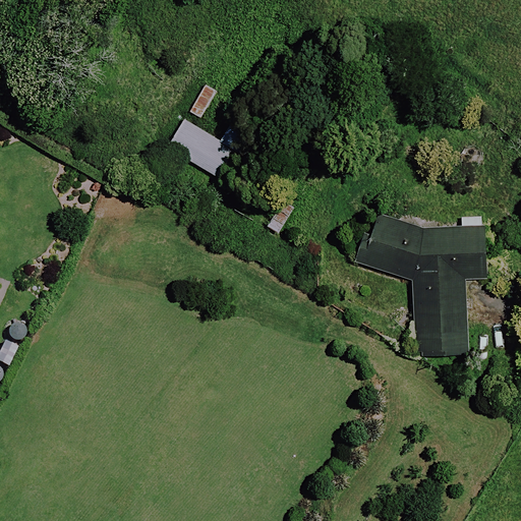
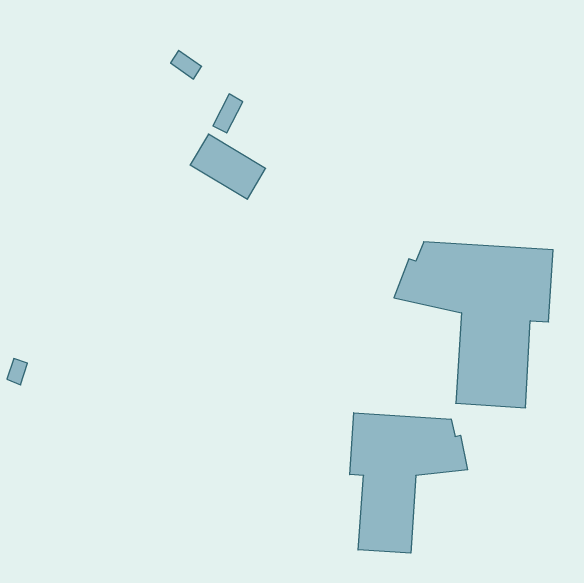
building: none -> [350,413,468,553]

